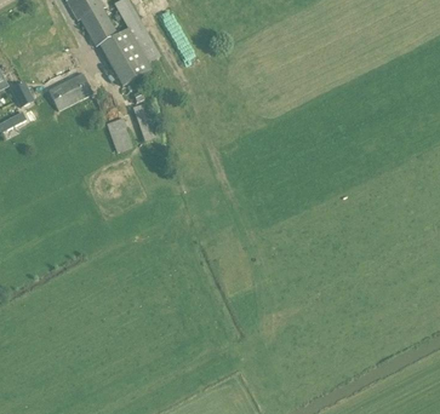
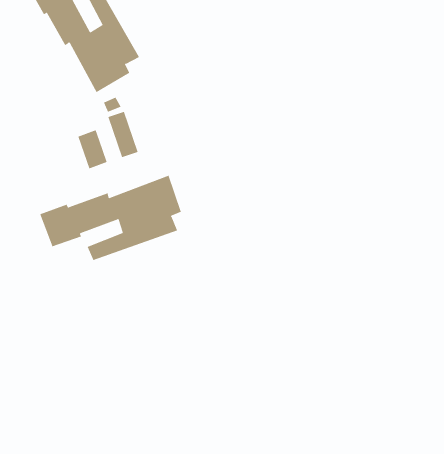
building: [47,73,92,110] -> none
building: none -> [39,175,182,261]

